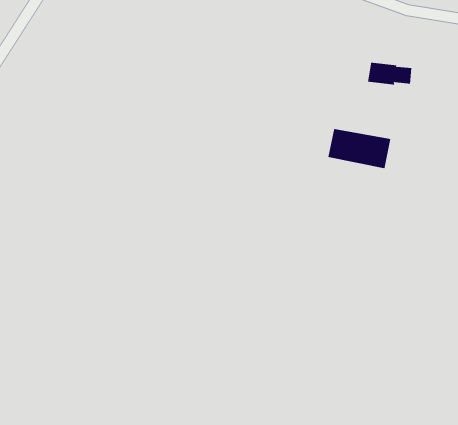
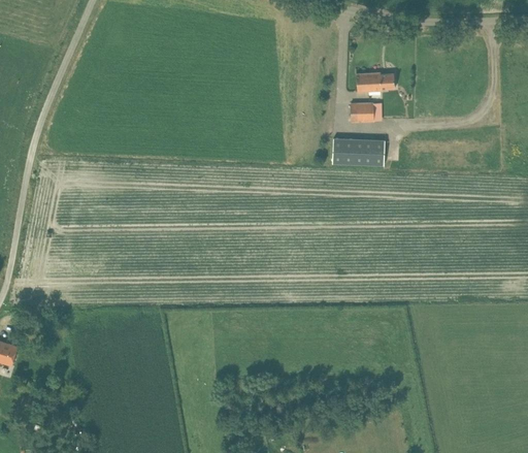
building: none -> [351,104,374,123]

